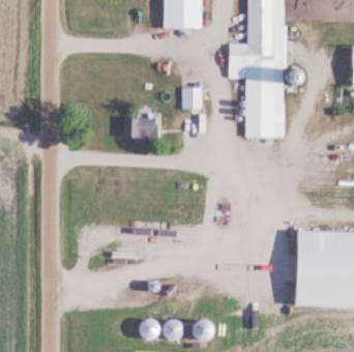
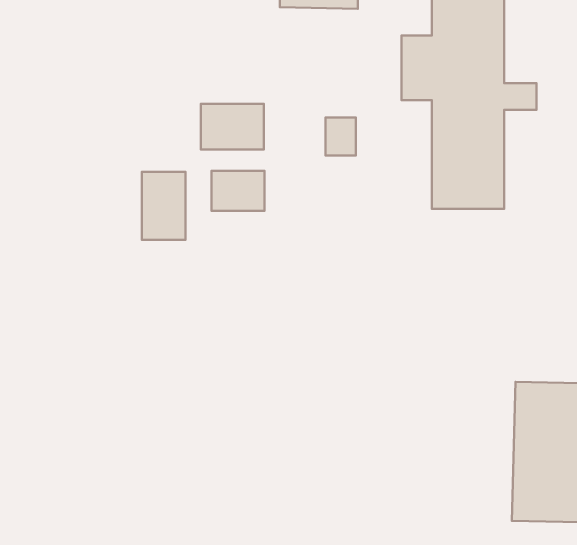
building: none -> [201,104,264,149]
building: none -> [142,172,185,240]

